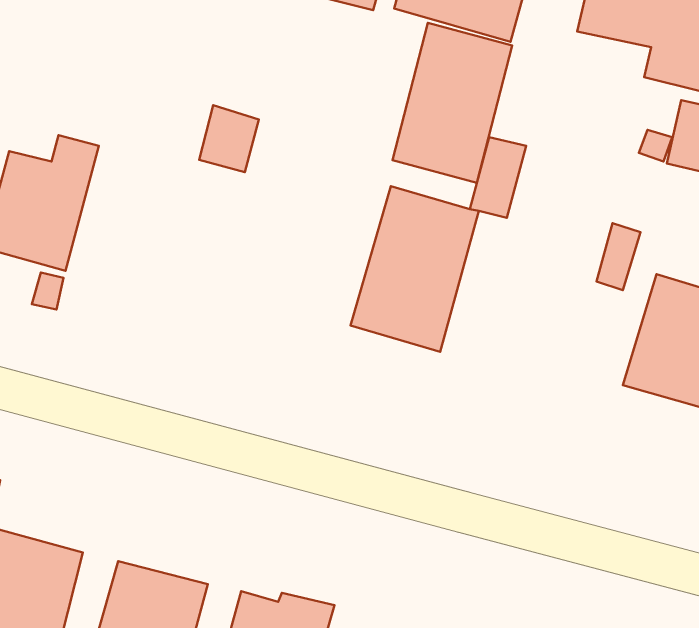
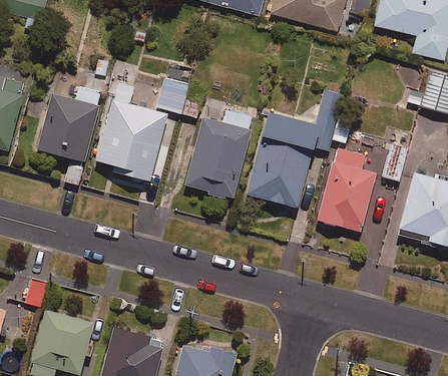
building: [393,23,512,183] -> [191,100,260,192]
building: none -> [95,84,168,182]
building: none -> [321,140,384,226]

